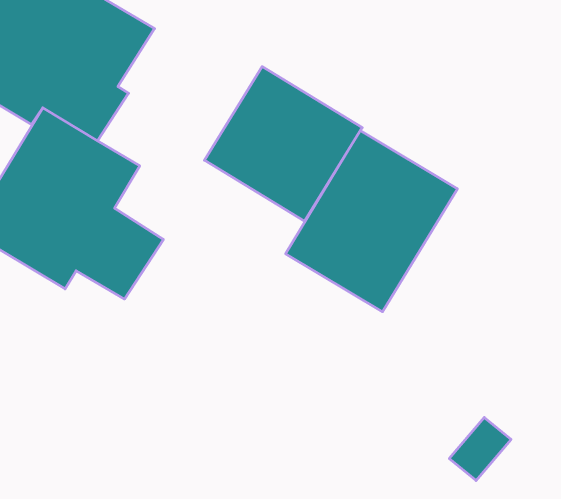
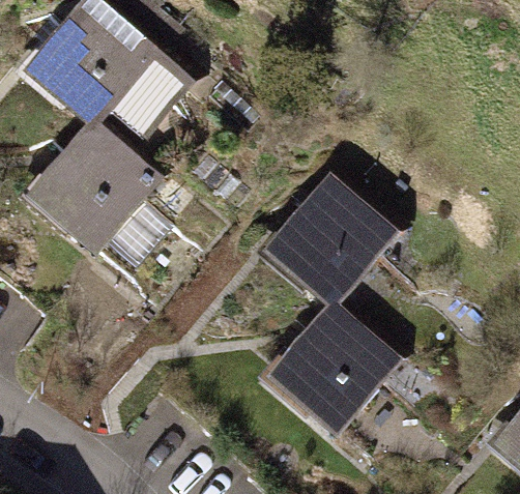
building: [204,67,362,221] -> none
building: none -> [268,296,405,436]

